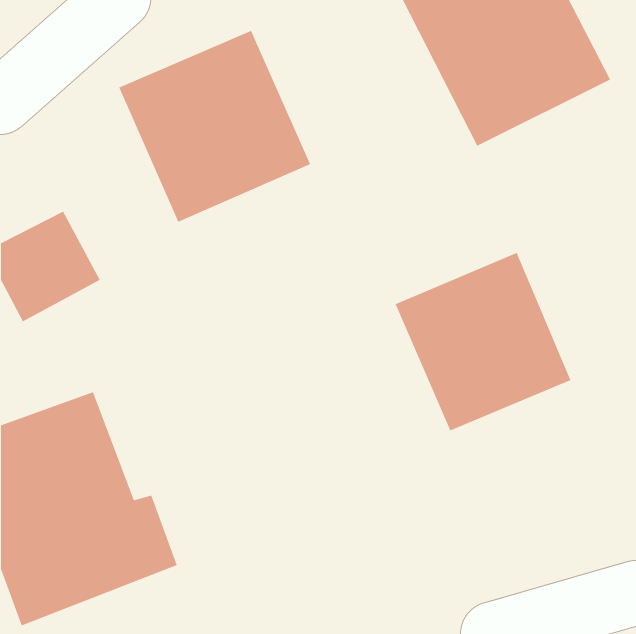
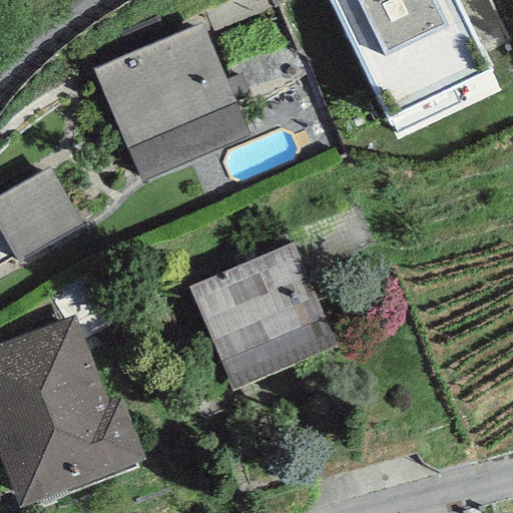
building: [395,252,572,432] -> none
building: none -> [188,240,337,389]

